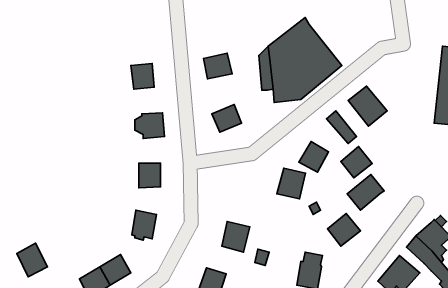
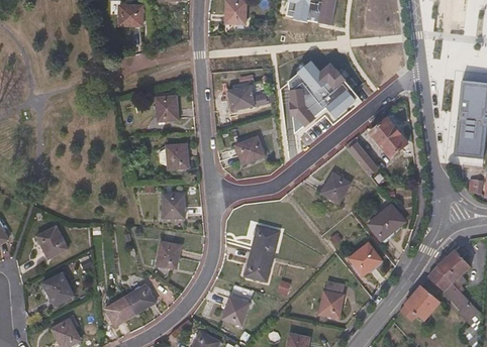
building: [341,147,372,178] -> none
building: [277,168,306,199] -> [250,226,278,256]
building: none -> [36,225,68,258]

